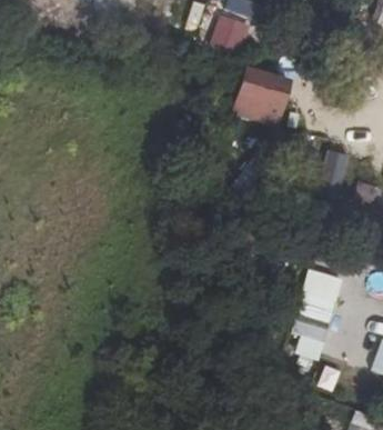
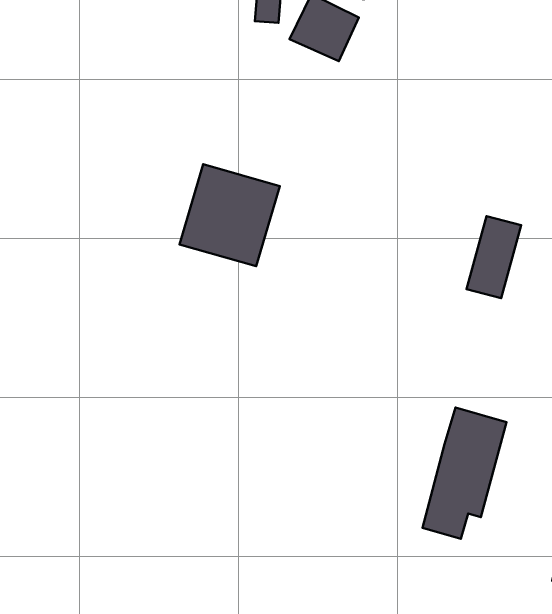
building: [231,66,292,128] -> [179,164,280,266]

